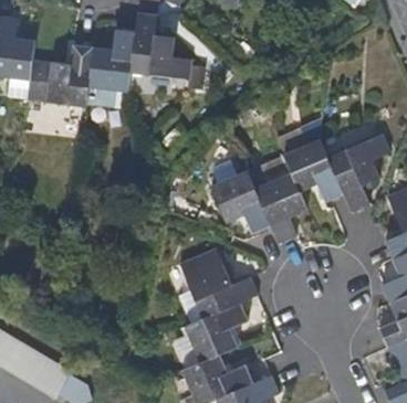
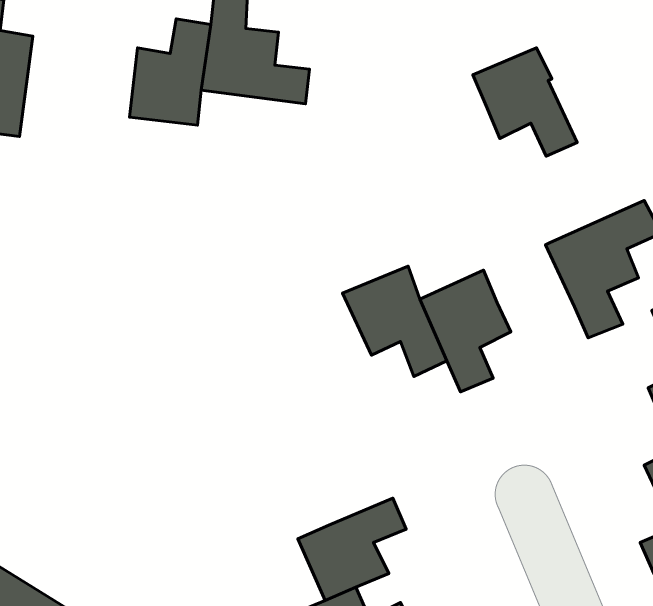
building: [25,44,93,106] -> none
building: [283,140,343,202] -> [473,48,577,156]
building: [179,247,258,319] -> none

